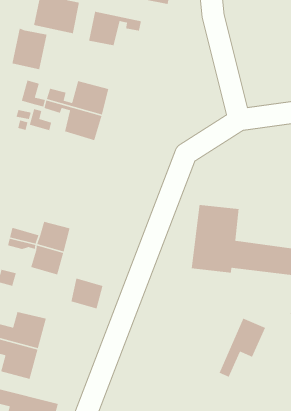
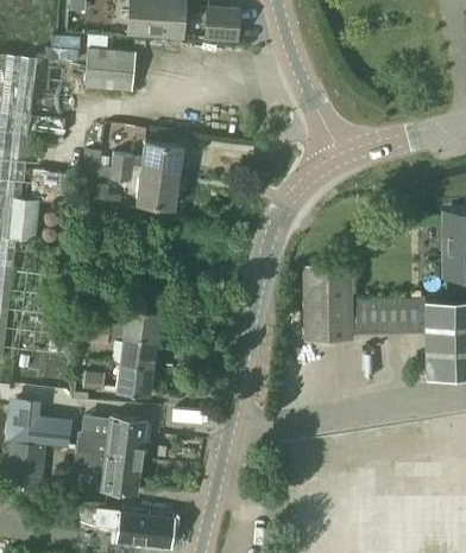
building: [88,11,142,46] -> none
building: [11,28,48,70] -> none
building: [70,278,104,309] -> [115,364,151,398]
building: [219,317,266,378] -> none

